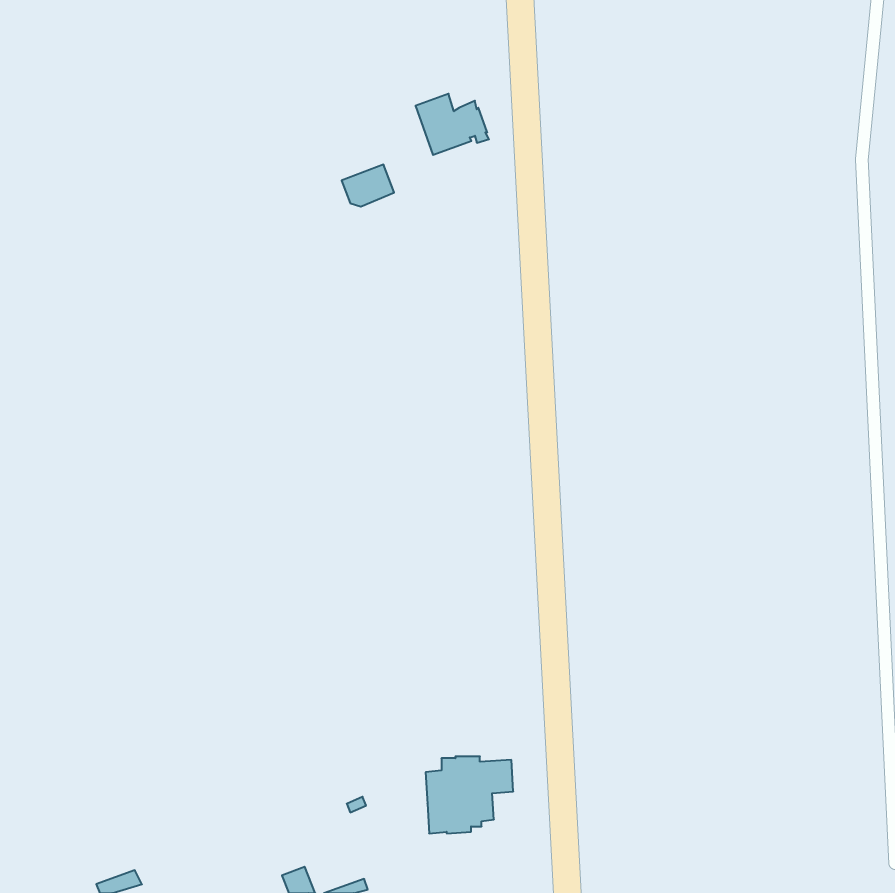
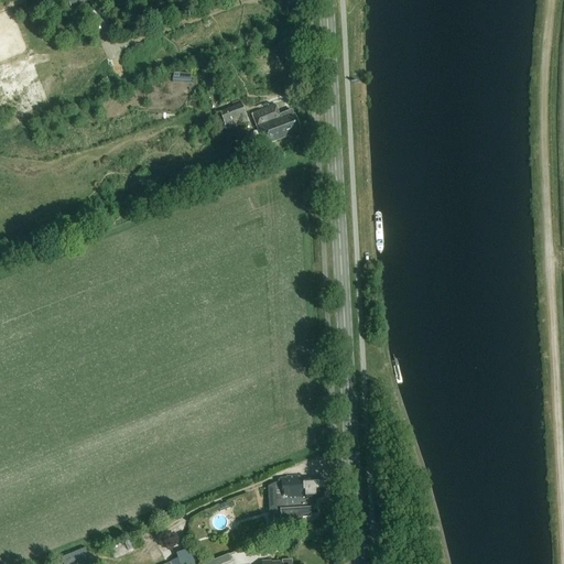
building: [415,94,489,155] -> [253,106,300,144]

